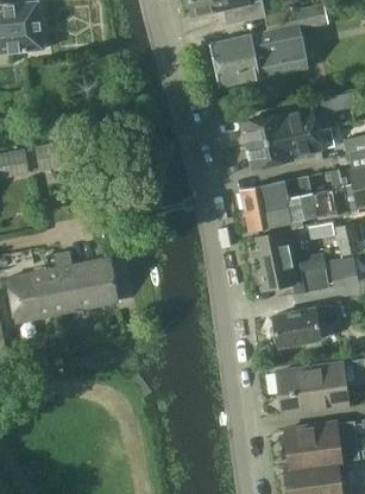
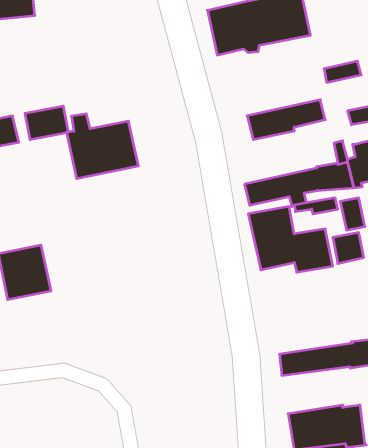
building: [243,108,317,144] -> none
building: [241,175,314,209] -> none
building: [50,249,119,311] -> [66,114,138,178]
building: [273,304,335,347] -> none
building: [281,384,350,413] -> none

